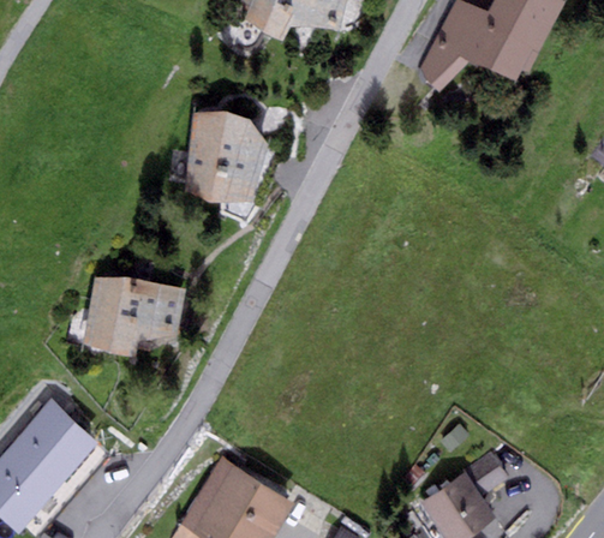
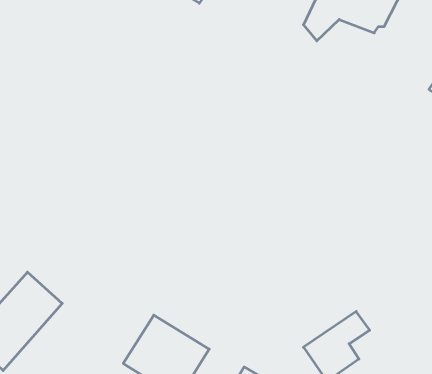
building: [183,112,267,202] -> none
building: [83,276,184,358] -> none

